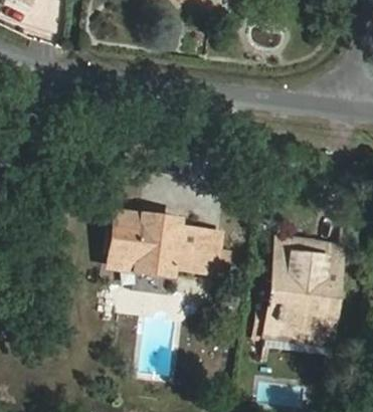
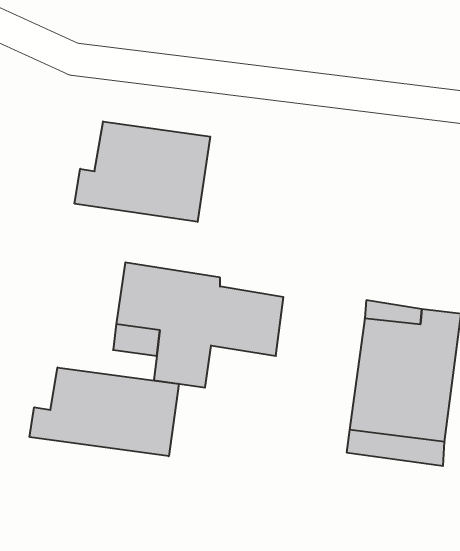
building: none -> [75,121,210,222]
building: none -> [30,367,179,456]

